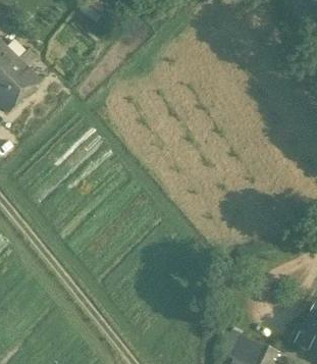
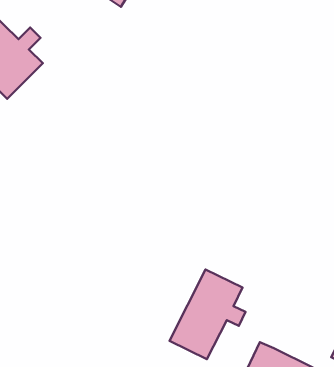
building: none -> [170,269,246,359]

